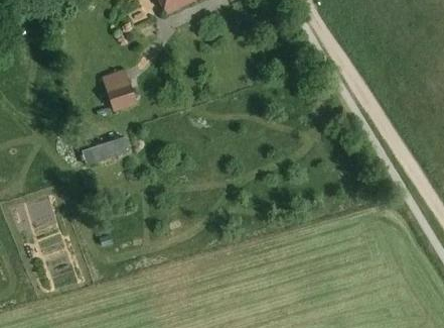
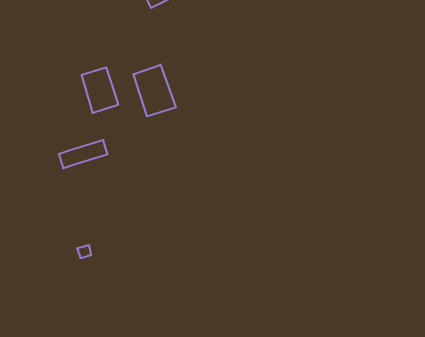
building: none -> [133,65,176,116]

